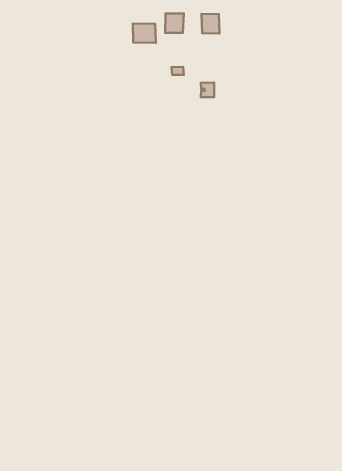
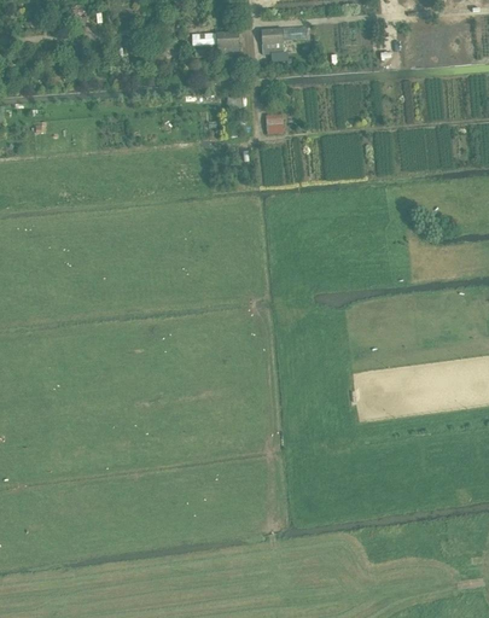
building: [133,23,156,43] -> none

